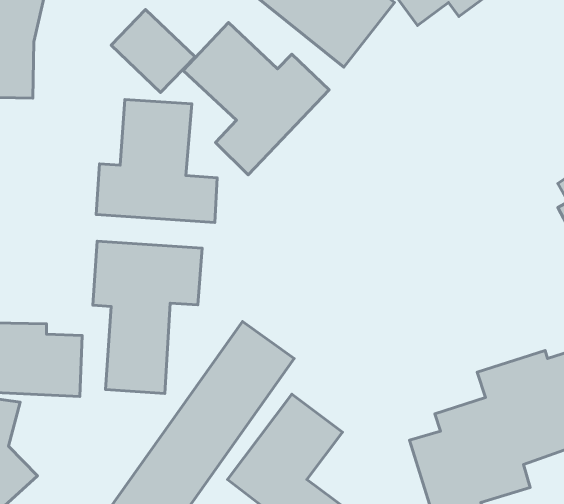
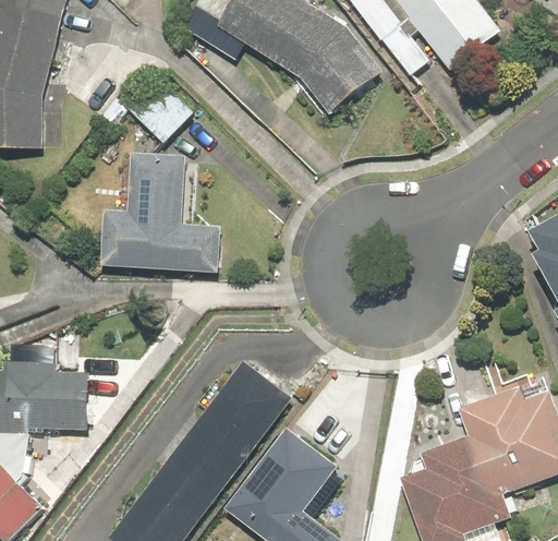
building: [183,22,329,175] -> none
building: [93,241,202,394] -> none

